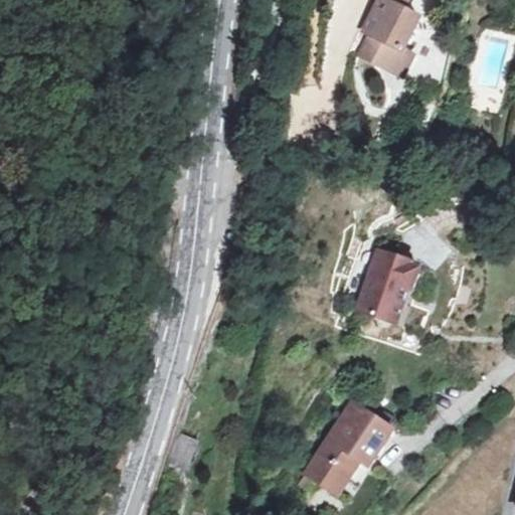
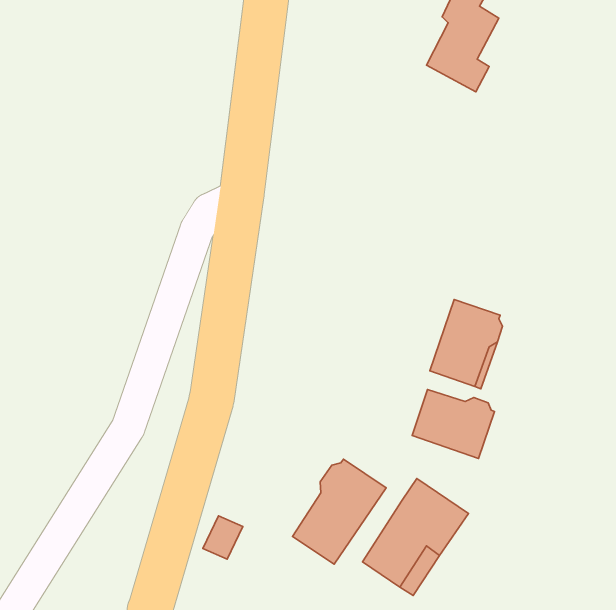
building: none -> [412,389,495,458]
building: none -> [292,459,386,564]

